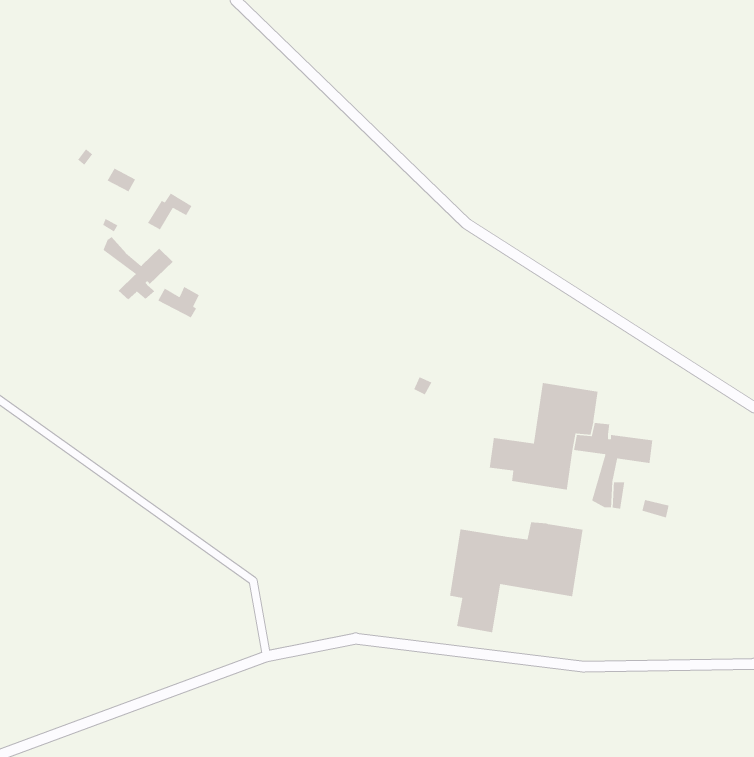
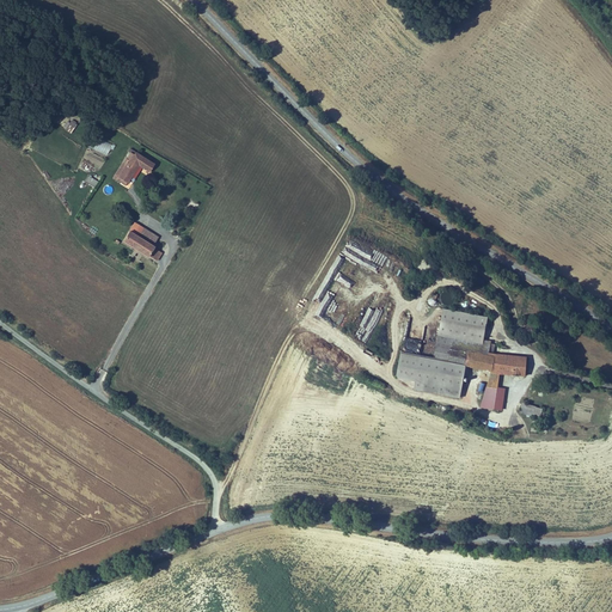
building: [102,236,174,300] -> none
building: [449,521,584,633] -> none

